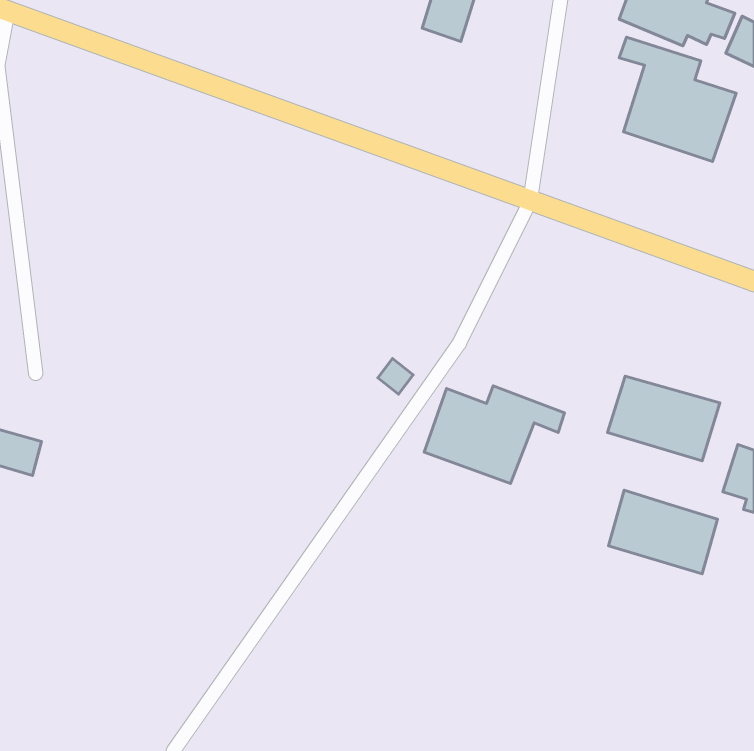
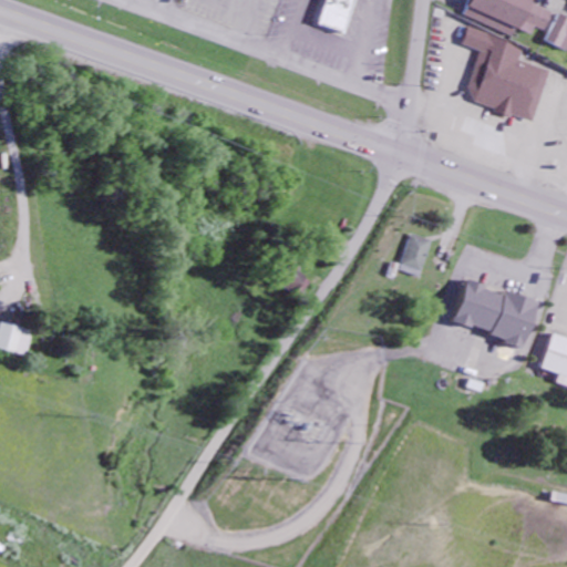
building: none -> [395,231,431,276]
building: [424,386,565,484] -> none
building: [608,490,717,574] -> none

